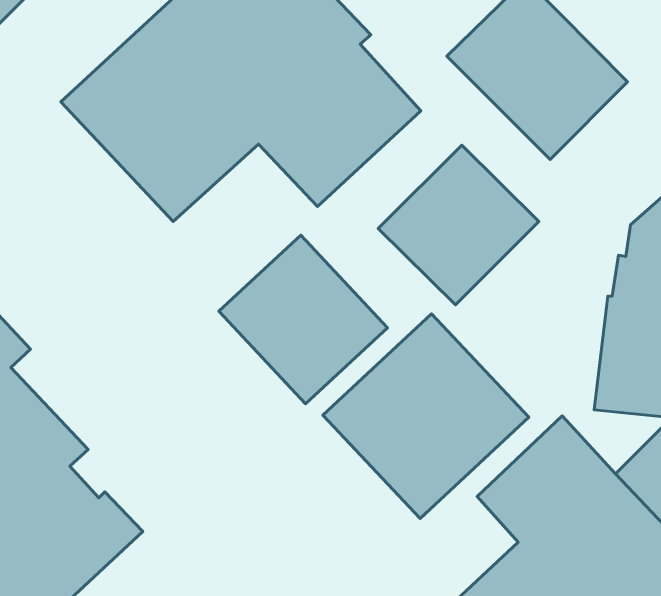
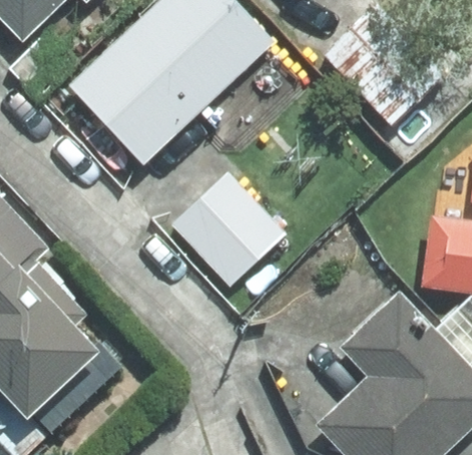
building: [378,145,539,305] -> none
building: [323,314,529,518] -> none

